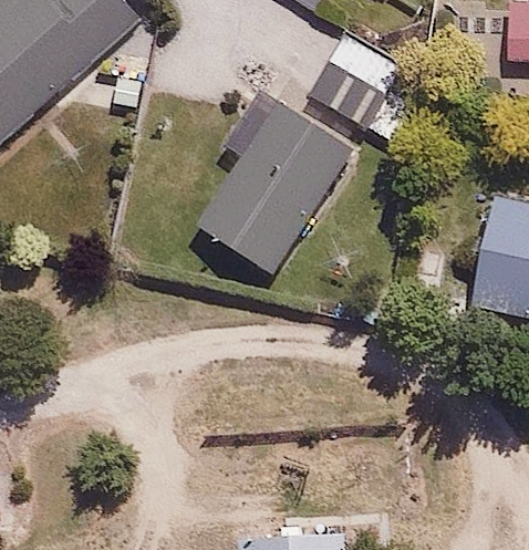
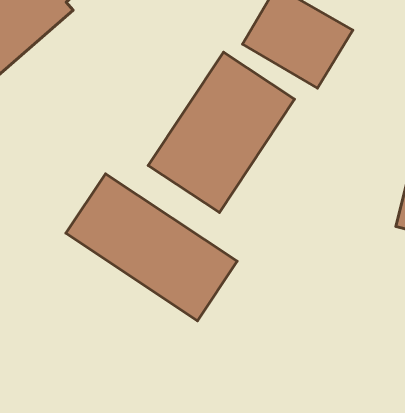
building: none -> [66,174,237,321]

